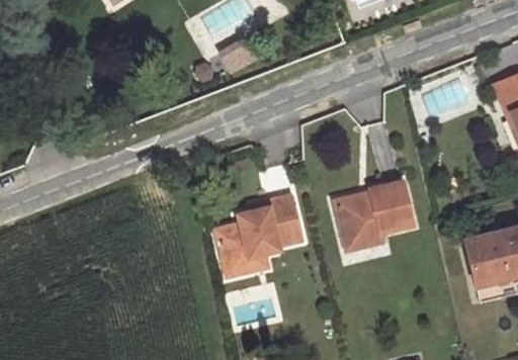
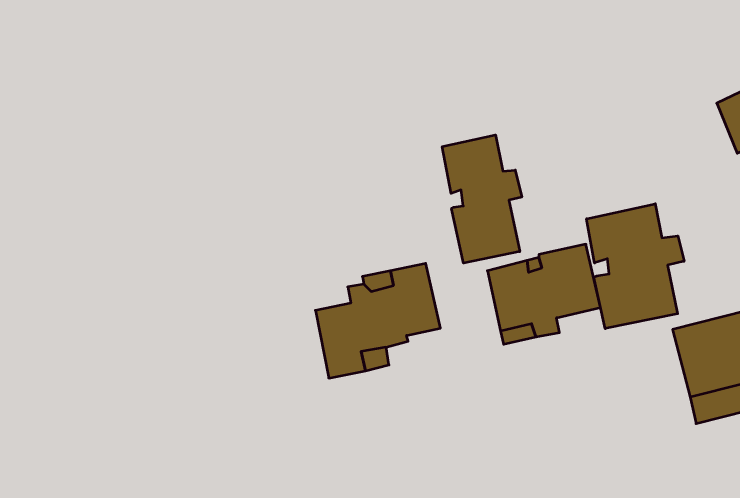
building: none -> [442,135,522,263]
building: none -> [587,204,684,329]

